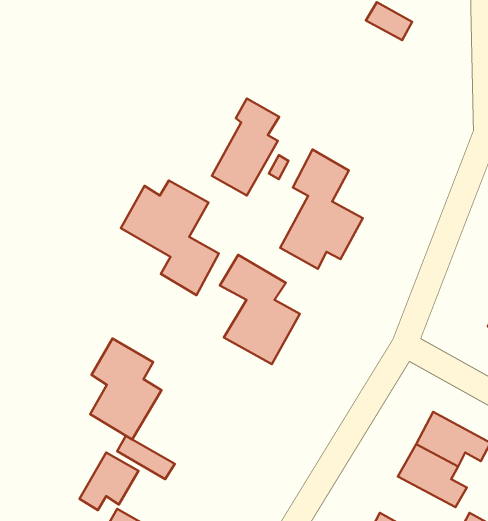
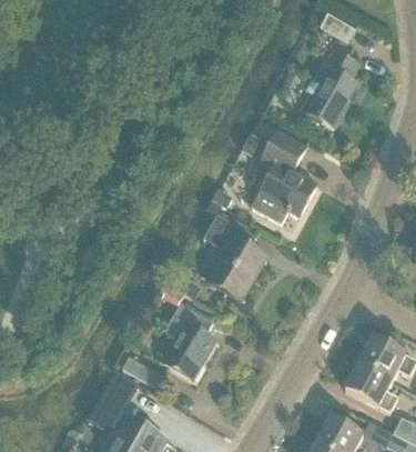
building: [212,99,279,195] -> [305,49,358,125]
building: [121,181,219,295] -> none
building: [90,338,162,439] -> [162,301,219,381]

